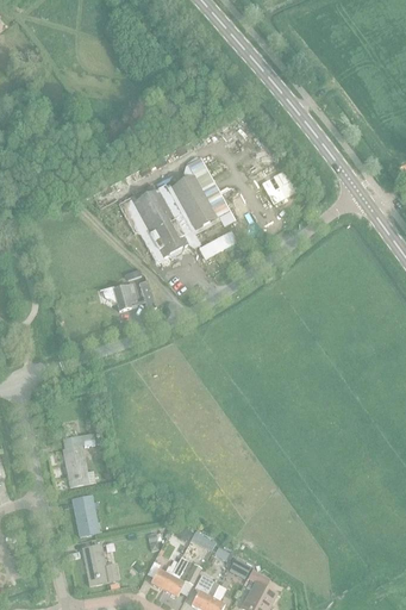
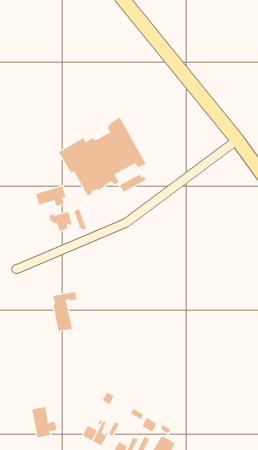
building: none -> [36,186,66,206]
building: [62,432,95,486] -> [52,291,77,332]
building: [71,494,99,536] -> none

